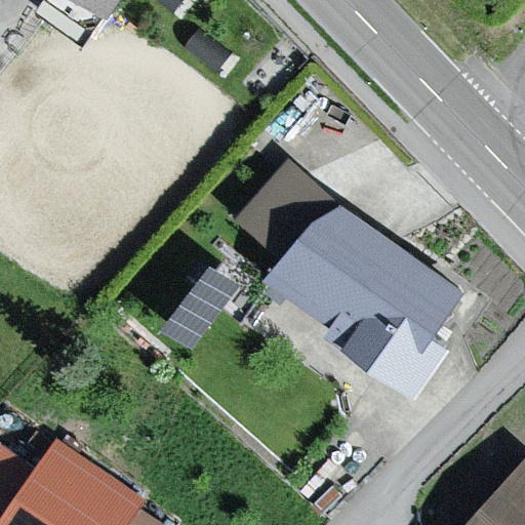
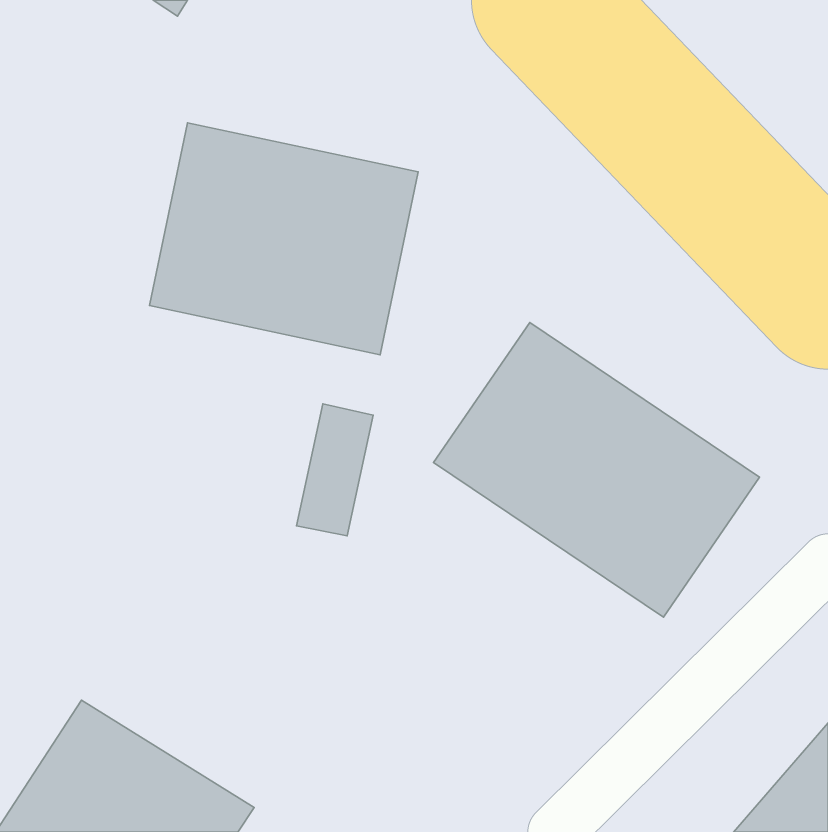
building: none -> [150,123,418,355]

